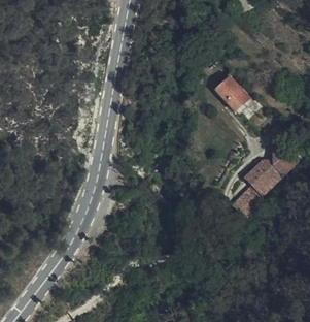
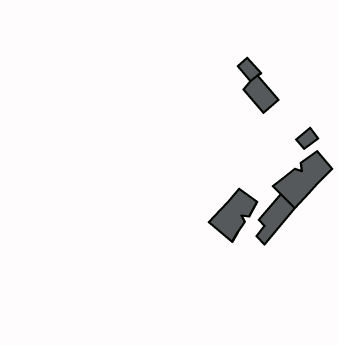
building: none -> [209,189,257,242]

